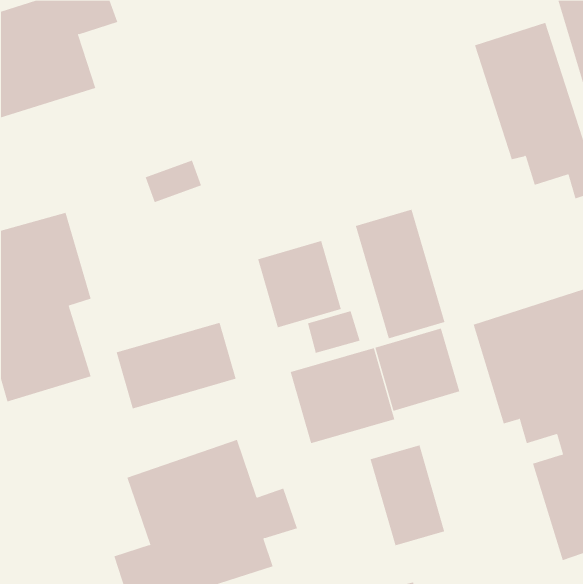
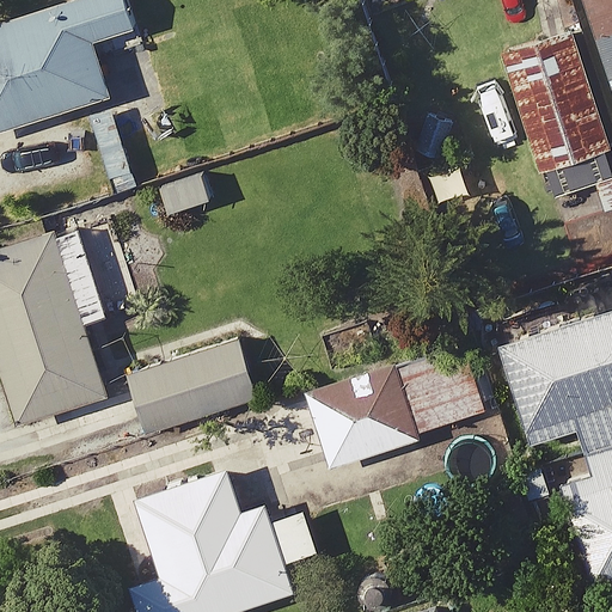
building: [355,209,445,339] -> none
building: [258,240,342,328] -> none
building: [370,445,445,546] -> none

